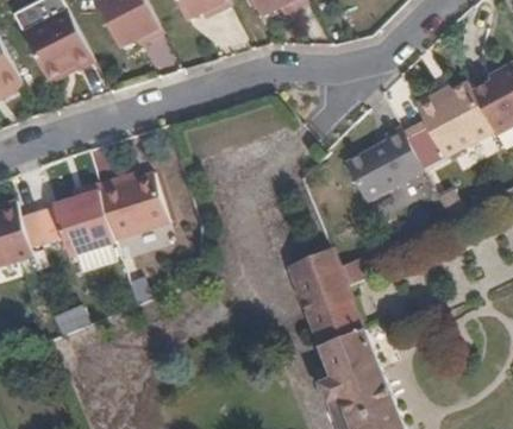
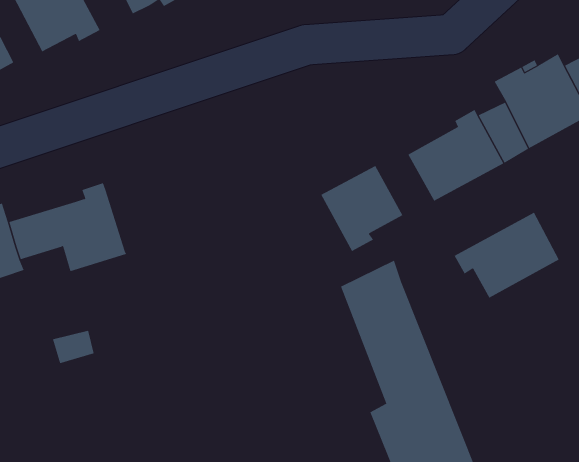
building: none -> [321,165,403,252]
building: [99,174,168,241] -> none
building: none -> [454,212,560,298]

